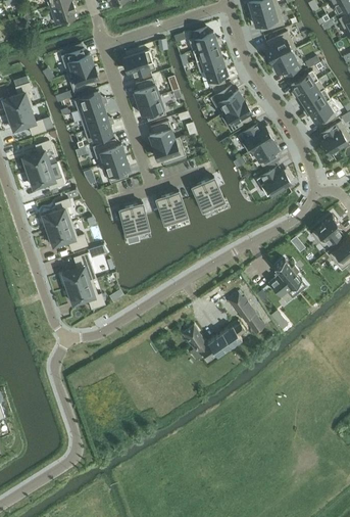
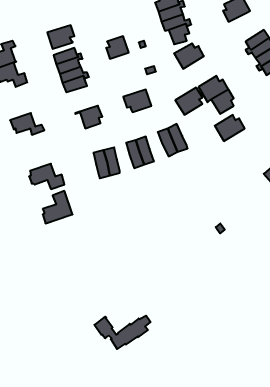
building: [60,47,93,73] -> none
building: [121,49,154,76] -> none
building: [270,50,299,76] -> none
building: [137,95,164,120] -> none
building: [219,99,250,130] -> [175,88,202,115]
building: [148,120,178,145] -> none
building: [92,138,123,163] -> none
building: [21,139,50,172] -> none
building: [40,197,70,229] -> none
building: [268,258,300,301] -> none
building: [64,279,104,308] -> none
building: [227,289,264,332] -> none
building: [181,322,244,360] -> [94,316,151,349]

